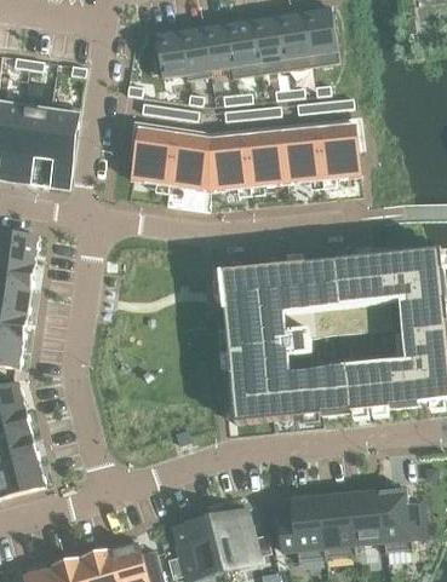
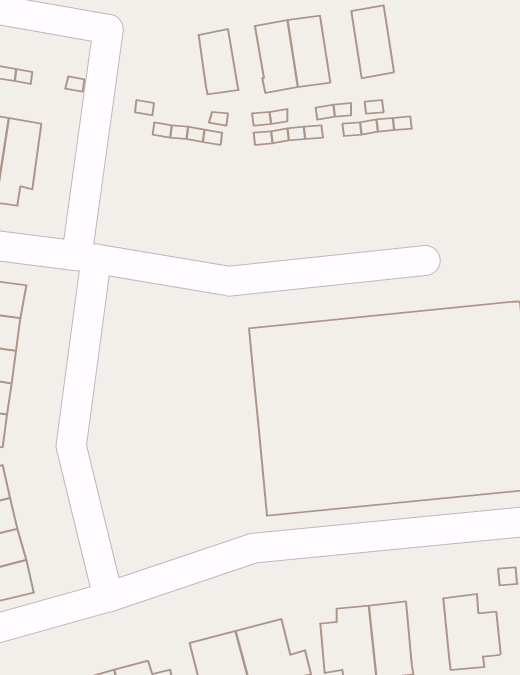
building: [277,12,311,70] -> none
building: [202,24,231,70] -> none
building: [147,31,184,77] -> none
building: [42,104,79,177] -> none
building: [131,123,360,191] -> none
building: [348,491,383,544] -> none

